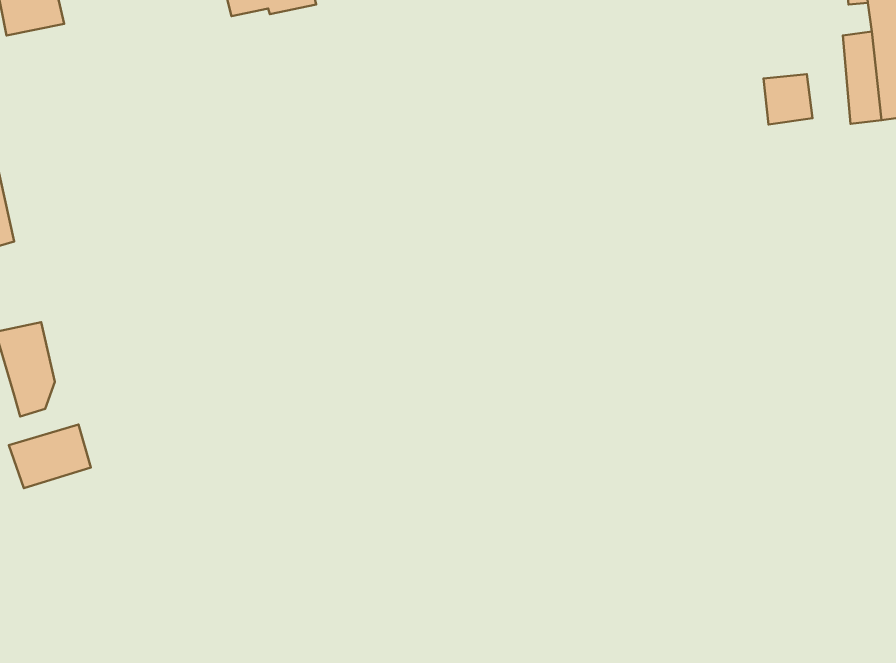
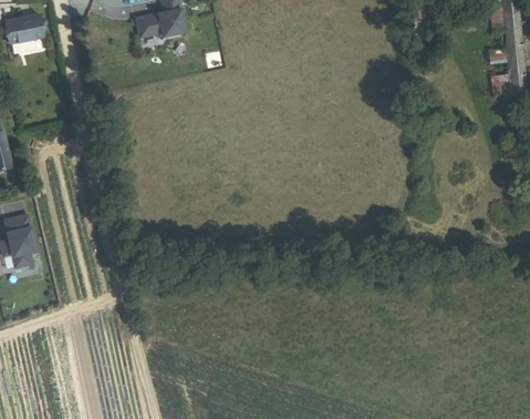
building: [764,74,813,124] -> none
building: [9,424,91,488] -> none

